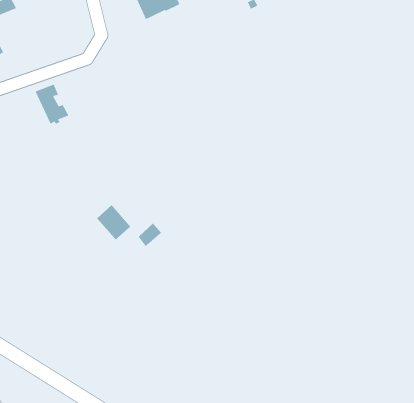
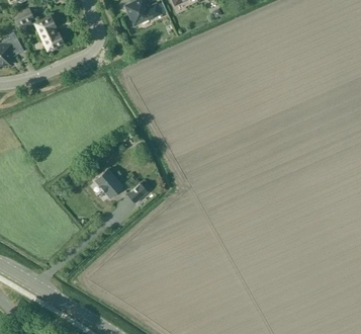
building: [35,83,70,125] -> [36,17,64,50]

